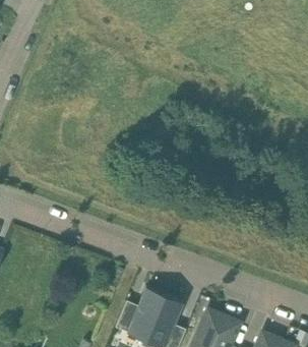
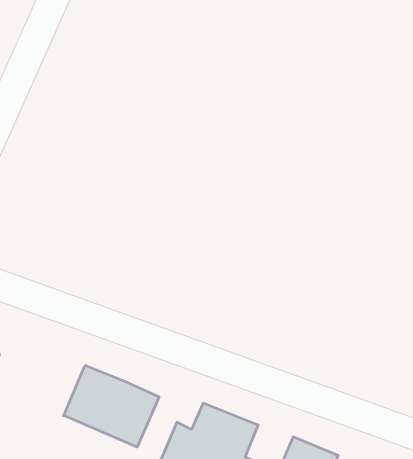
building: none -> [64,365,159,447]

